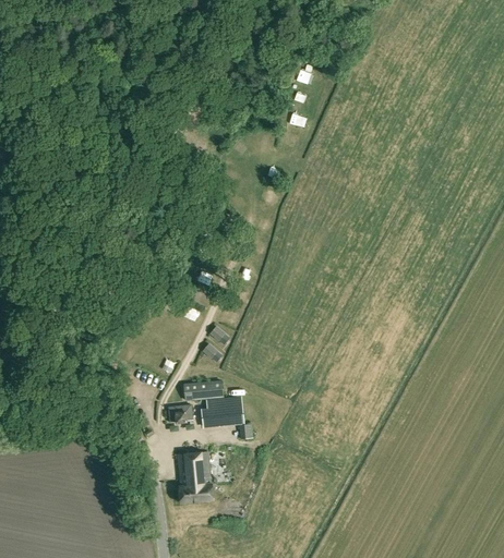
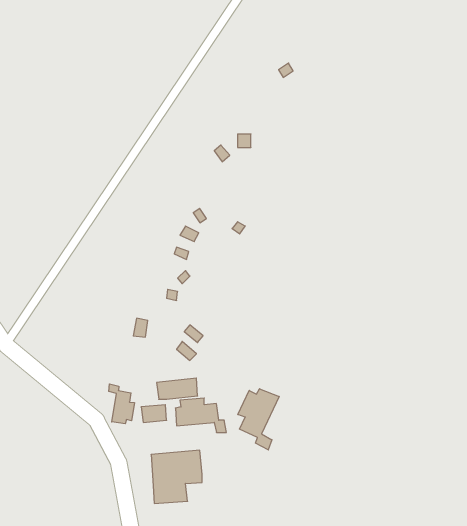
building: none -> [109,384,134,424]
building: none -> [238,389,279,450]

